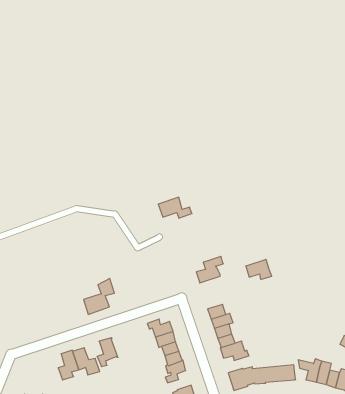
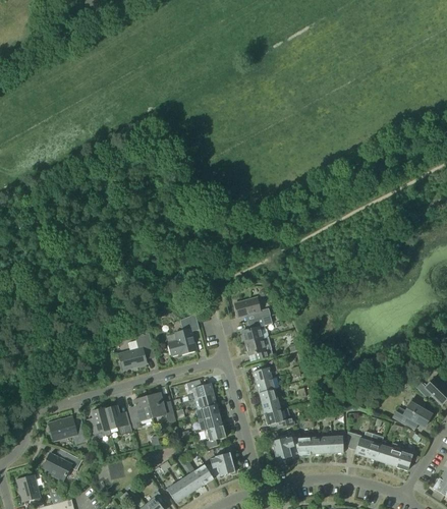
building: [158,197,192,218] -> [234,296,270,319]
building: none -> [168,314,199,355]
building: [246,259,272,279] -> [245,336,273,357]
building: none -> [147,394,176,421]
building: none -> [49,416,88,443]

